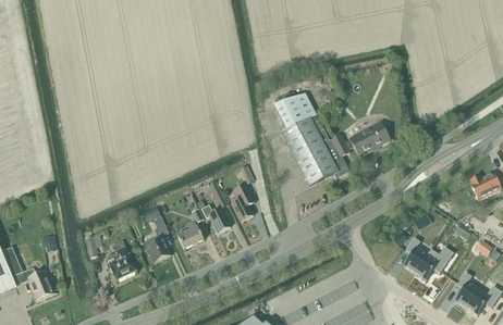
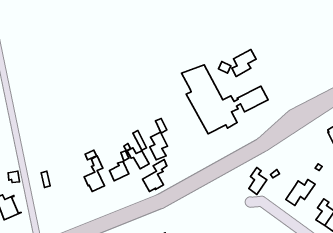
building: none -> [232,49,256,76]
building: none -> [142,159,167,191]
building: [403,237,427,273] -> [249,168,267,194]
building: [107,240,135,279] -> none

